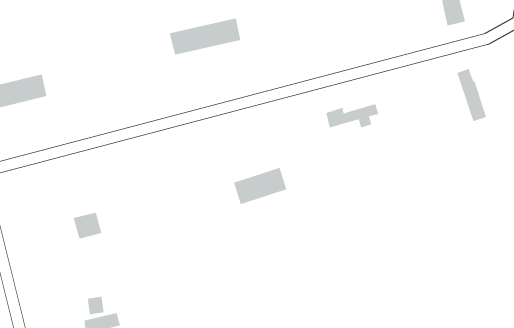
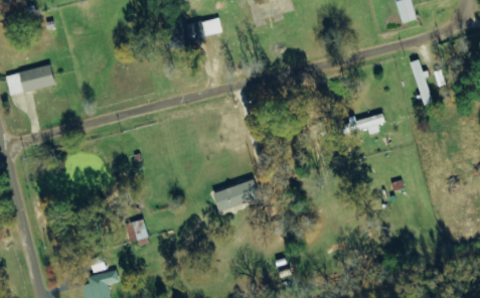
building: [326,104,379,128] -> [339,113,385,134]
building: [233,167,287,205] -> [214,179,261,211]
building: [73,212,102,239] -> [124,218,149,242]

